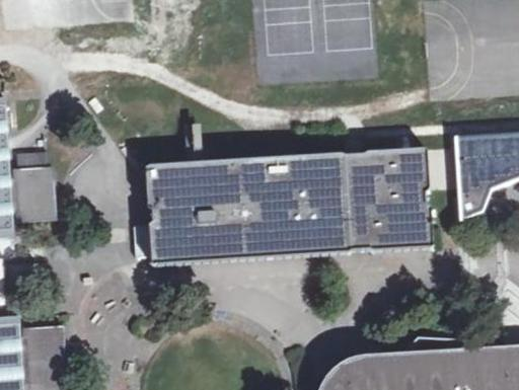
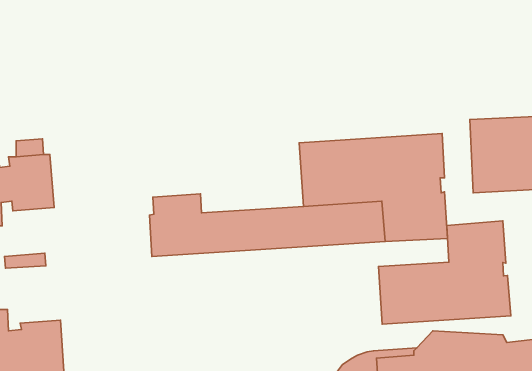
building: [144,156,295,223] -> none
building: none -> [378,221,511,324]

